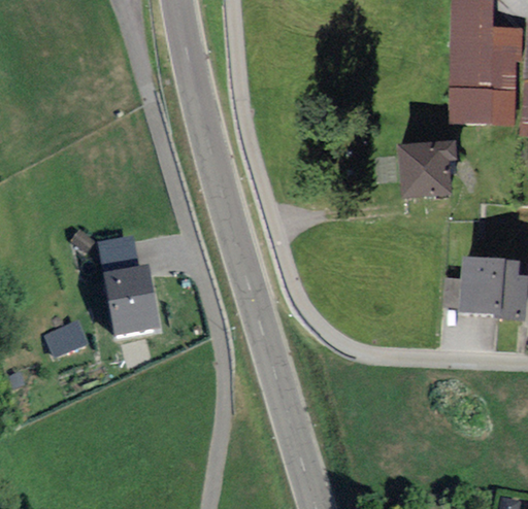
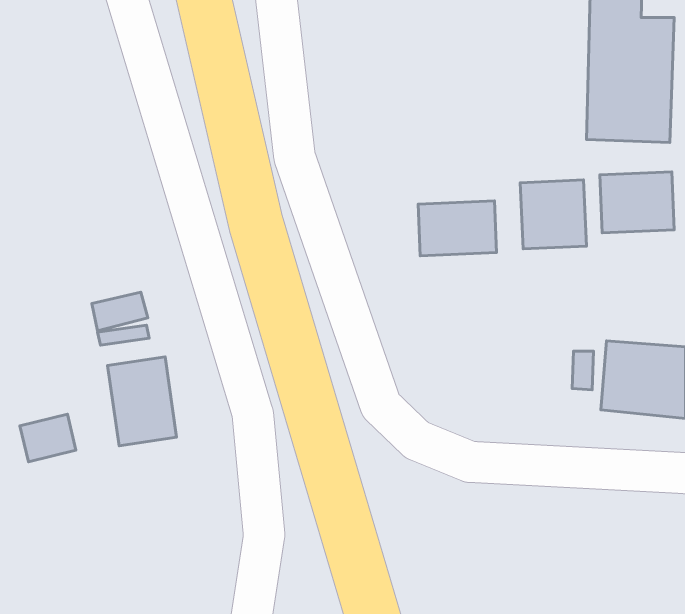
building: none -> [600,172,674,233]
building: none -> [418,201,497,256]

